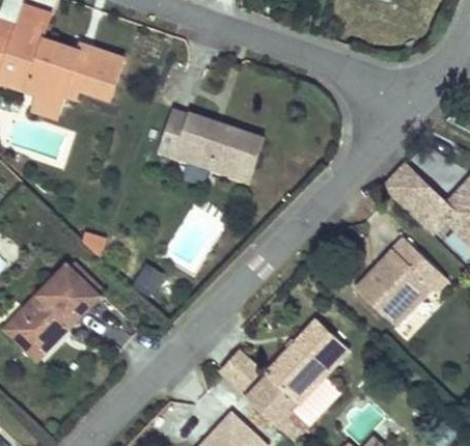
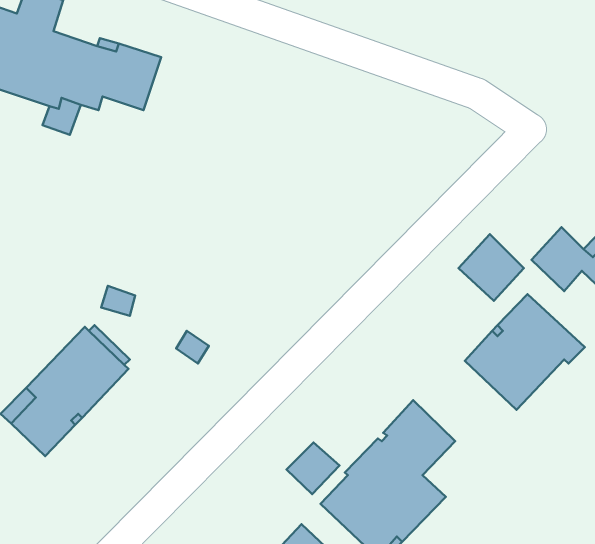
building: [158,110,264,182] -> none
building: [380,161,430,212] -> [458,234,524,301]

